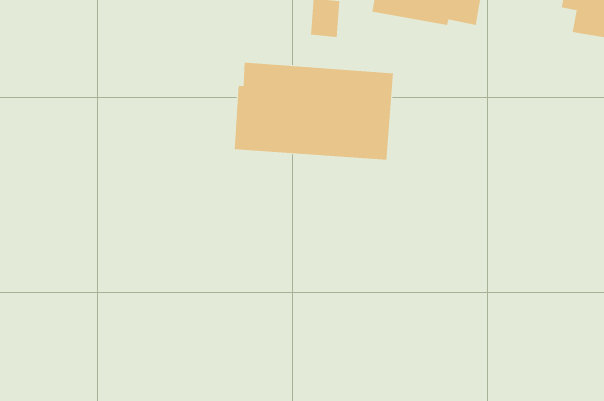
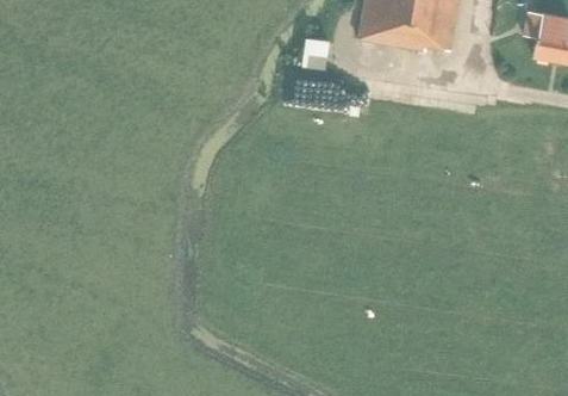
building: [234,62,393,160] -> none

